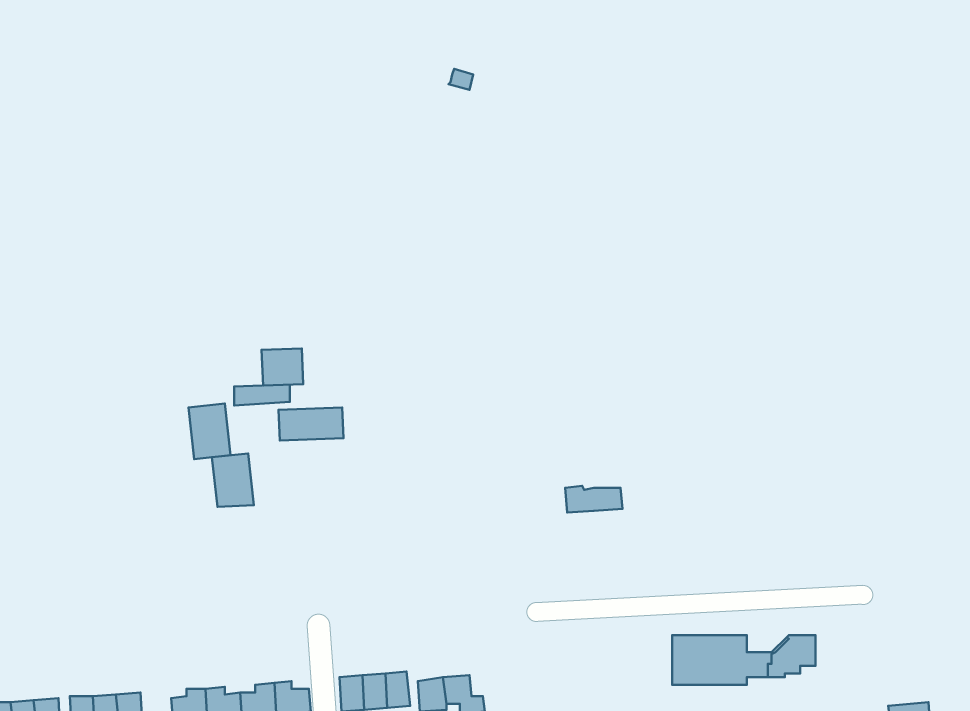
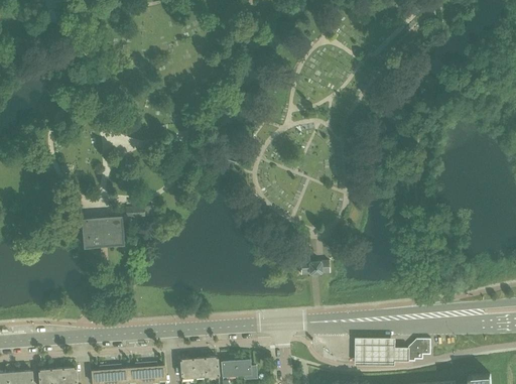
building: [262,349,303,385] -> none
building: [278,408,343,440] -> none
building: [212,453,254,507] -> [82,219,104,247]

